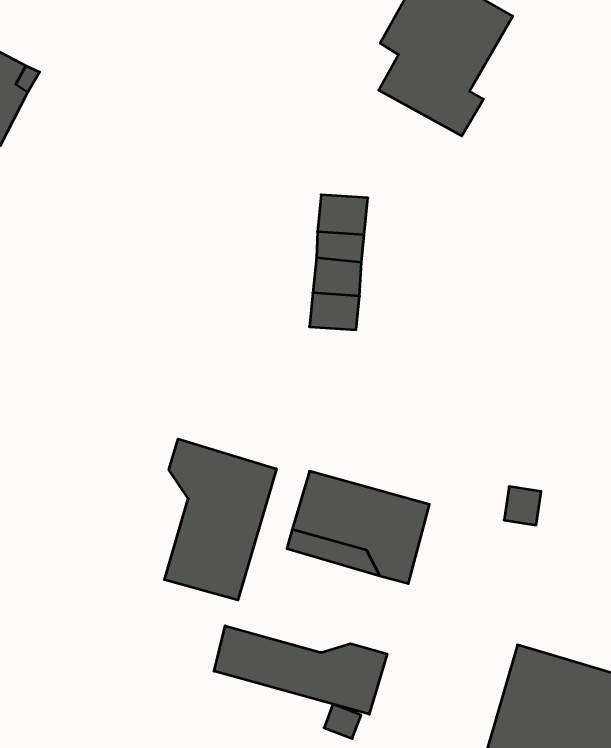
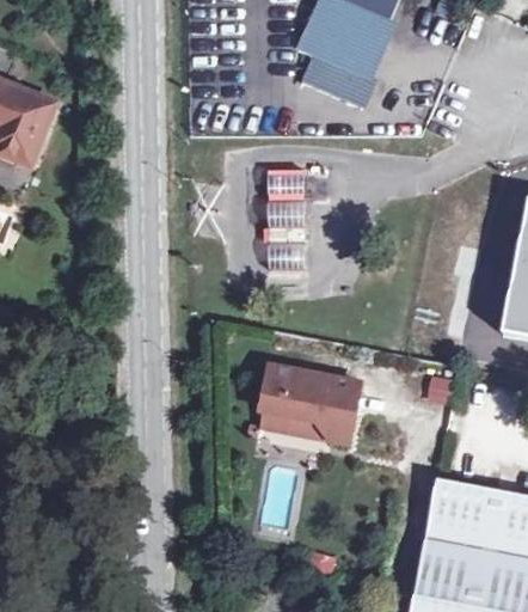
building: [164,439,276,600] -> none
building: [214,626,387,714] -> none

